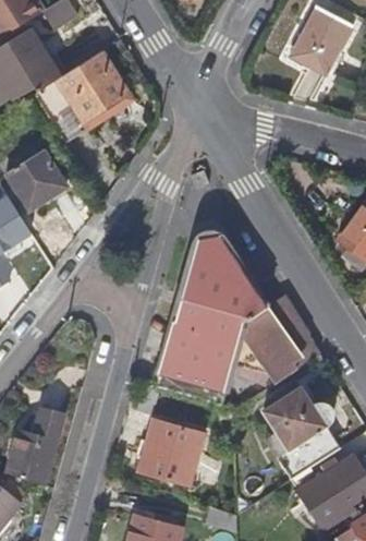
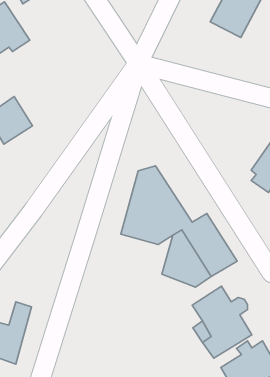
building: [34,52,126,144] -> none
building: [155,322,241,407] -> none
building: [138,422,198,483] -> none

